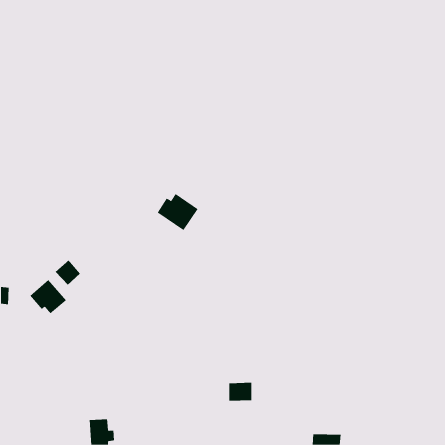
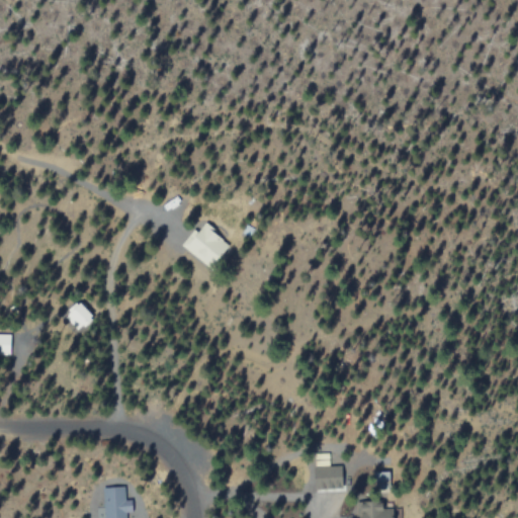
building: [30,279,67,314] -> none
building: [229,382,252,401] -> [316,466,343,489]

